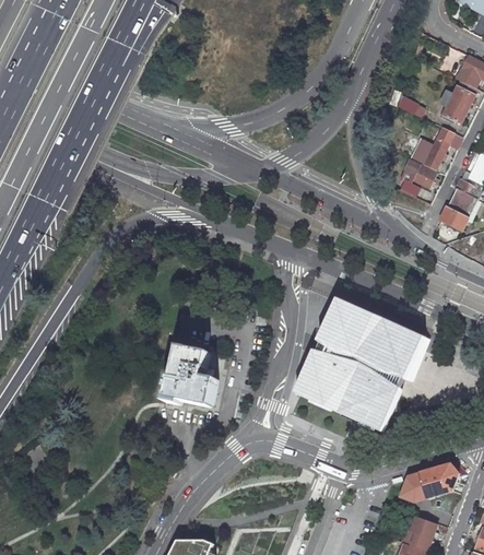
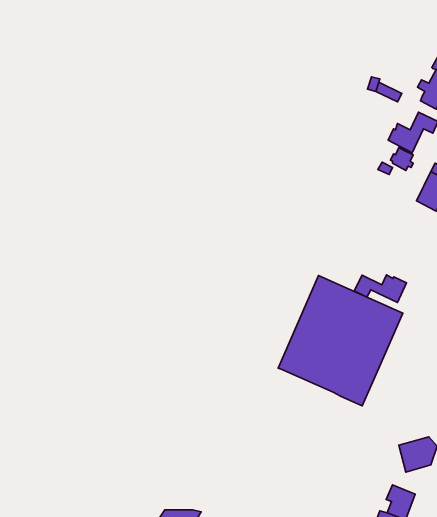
building: none -> [354,275,406,303]
building: [162,343,214,403] -> none
building: [397,474,427,506] -> none

